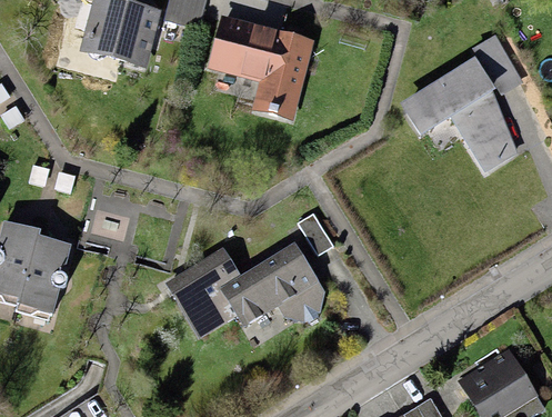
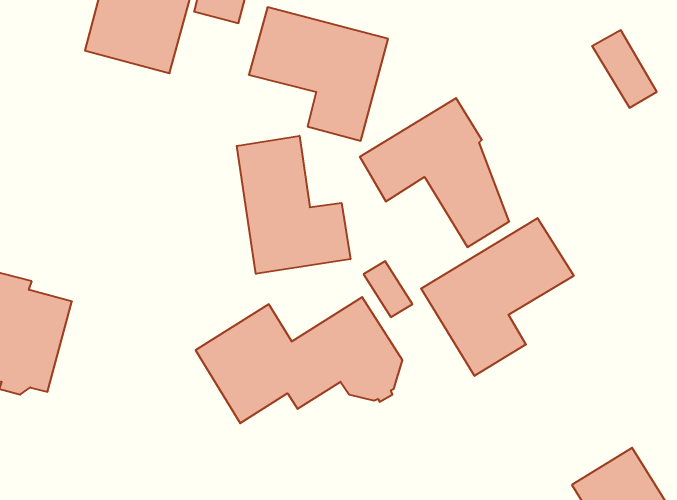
building: [400,53,515,169] -> [360,98,509,247]
building: none -> [237,136,350,274]
building: none -> [421,218,574,376]

